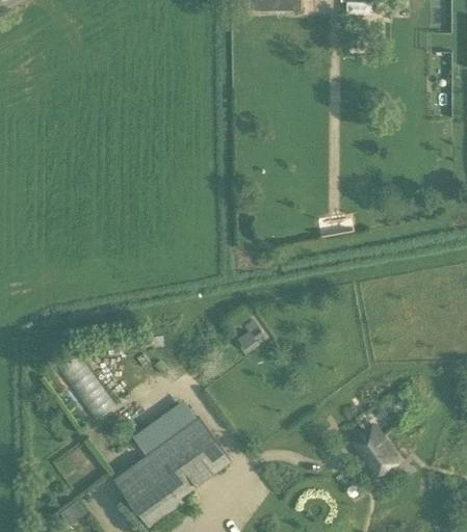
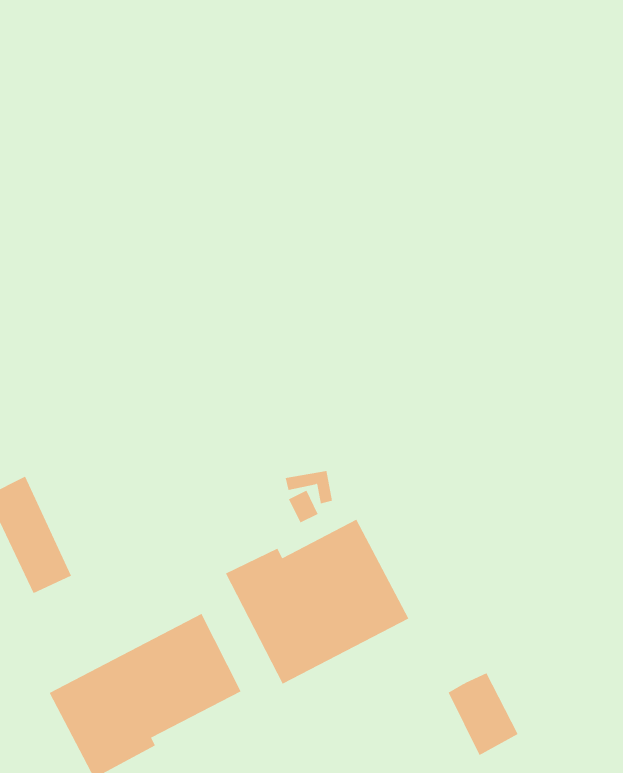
building: none -> [225,519,409,685]

